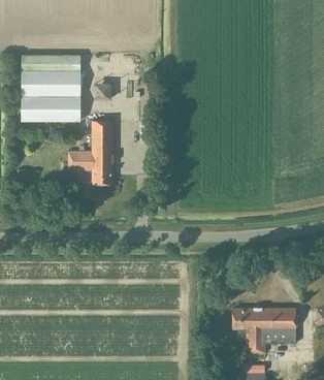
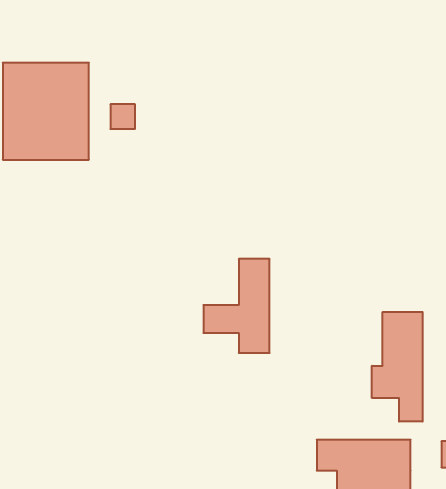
building: [68,120,112,183] -> [203,259,270,353]
building: none -> [372,312,423,422]

